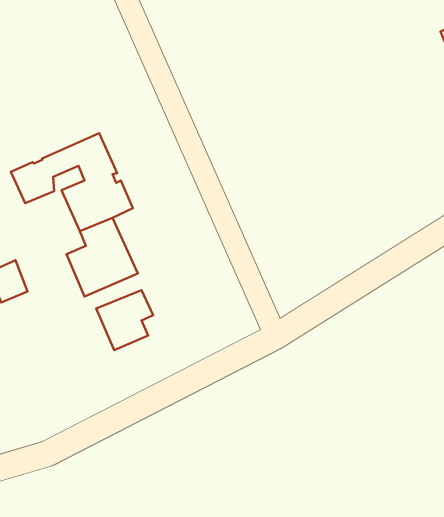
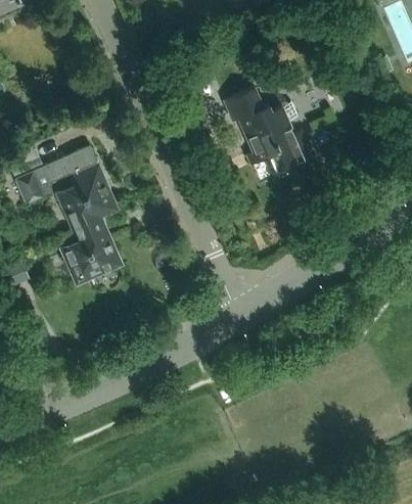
building: none -> [224,86,312,172]
building: [96,290,153,350] -> none

